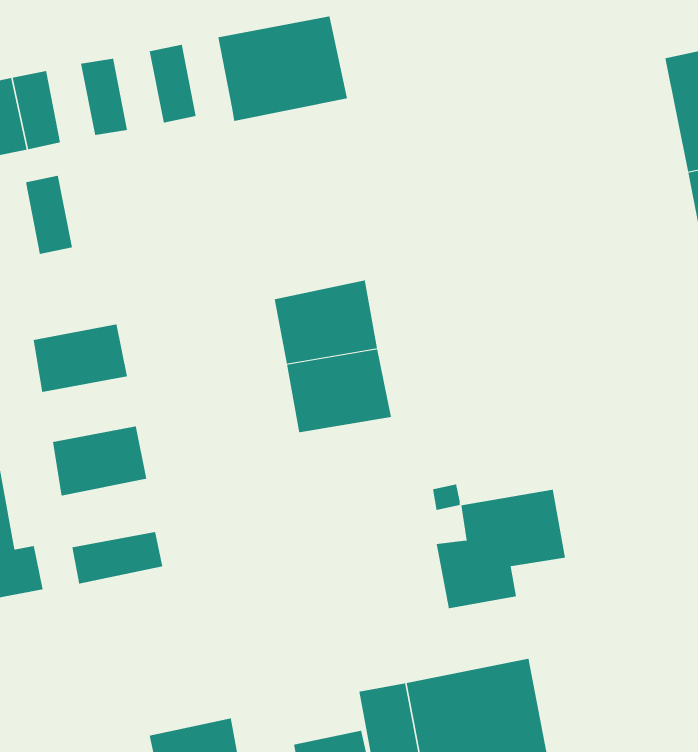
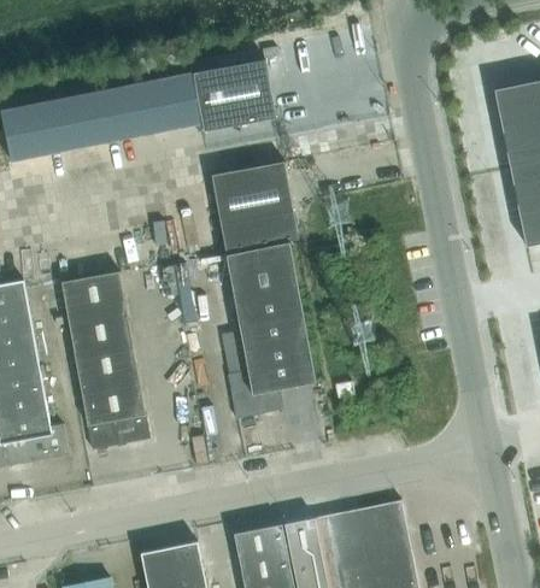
building: none -> [164,75,198,129]
building: none -> [117,84,151,139]
building: none -> [211,161,299,251]
building: [25,175,73,254] -> [71,93,104,147]
building: none -> [68,307,133,352]
building: none -> [81,377,146,424]
building: [436,489,566,609] -> [227,335,316,417]
building: none -> [234,524,287,559]

